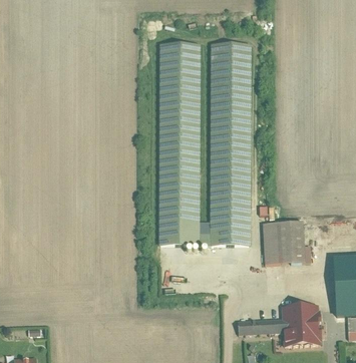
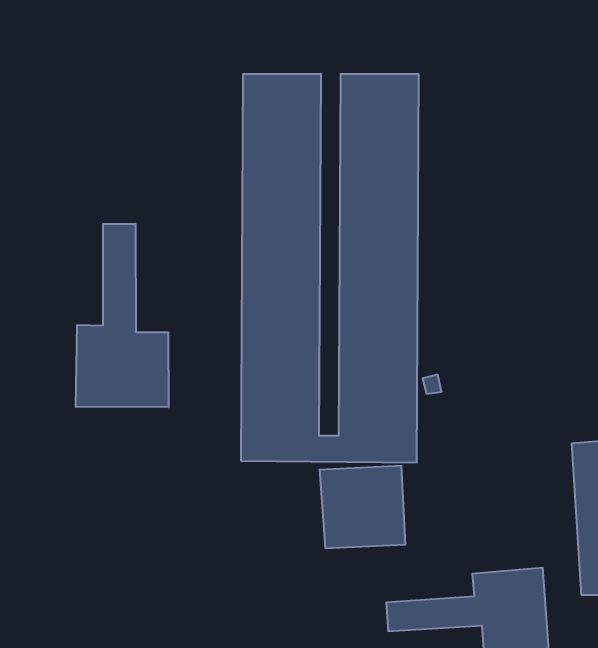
building: none -> [76,224,169,407]
building: [262,222,307,265] -> [319,466,405,548]

